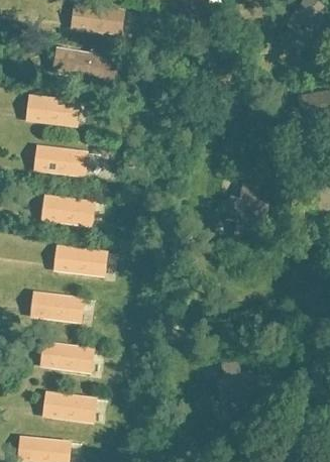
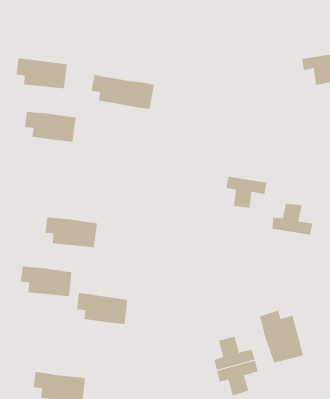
building: [54,47,115,81] -> [91,74,155,109]
building: [229,184,268,214] -> [271,203,313,235]
building: [43,196,93,226] -> none
building: none -> [259,310,304,364]
building: [42,342,92,372] -> [76,292,128,324]

